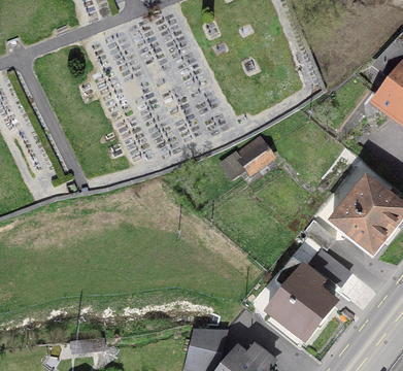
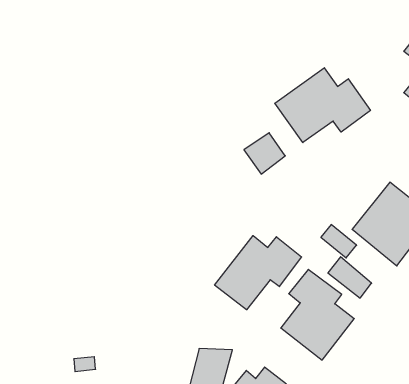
building: none -> [275,68,370,143]
building: none -> [215,236,302,310]

